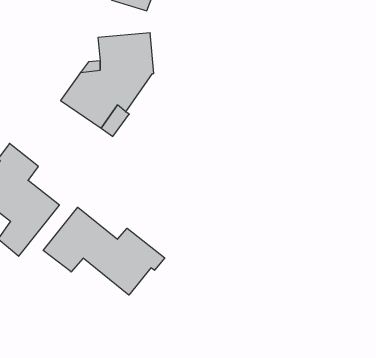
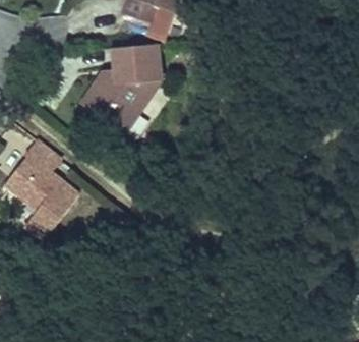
building: [43,207,165,295] -> none

